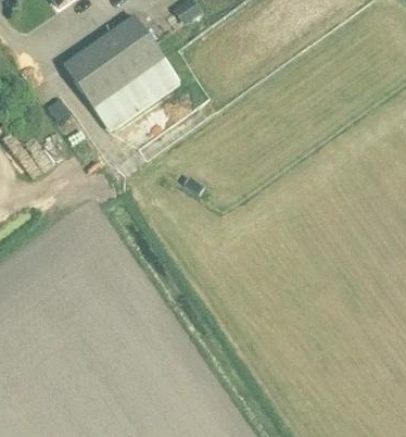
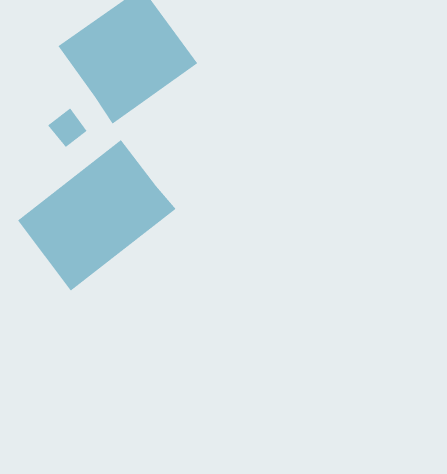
building: none -> [17,139,176,291]

